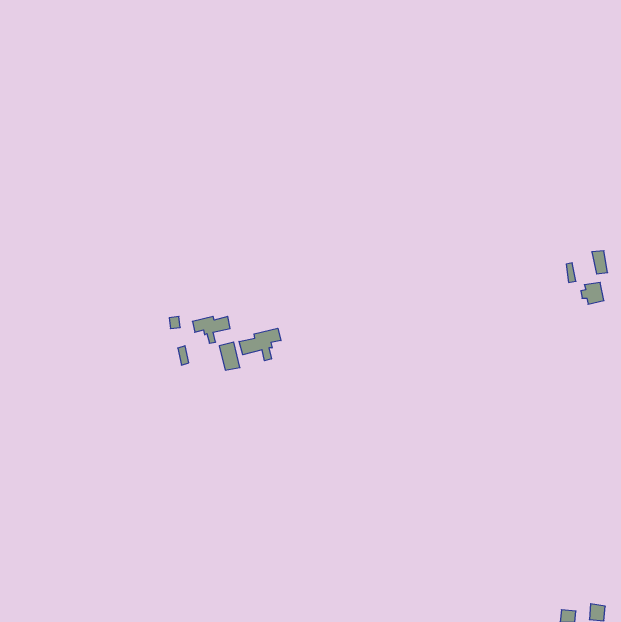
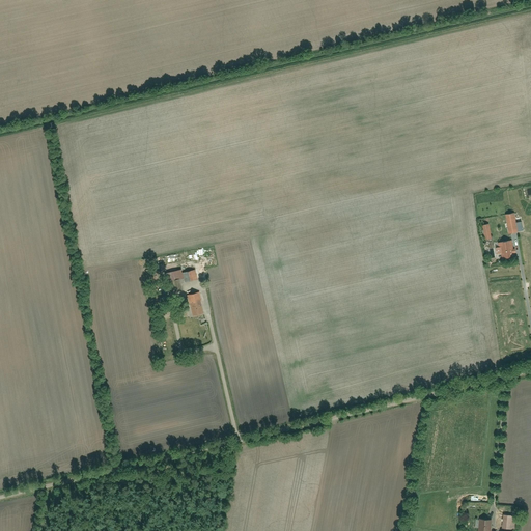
building: [239,328,281,361] -> none

